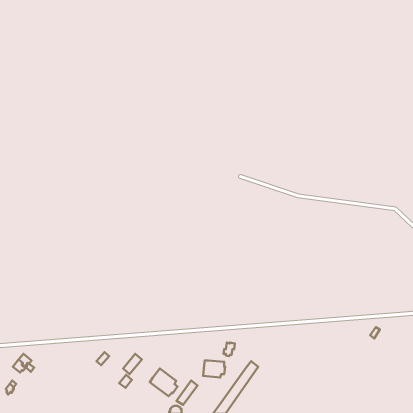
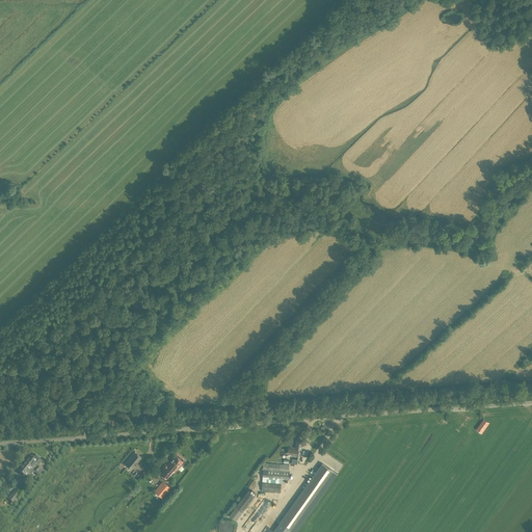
building: [150,369,178,396] -> none

